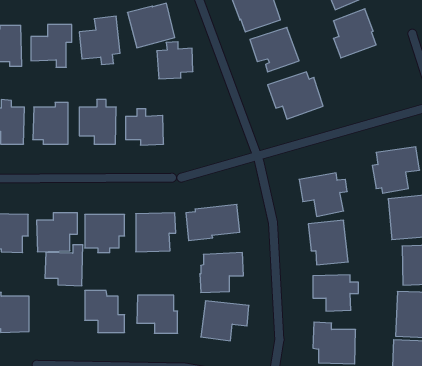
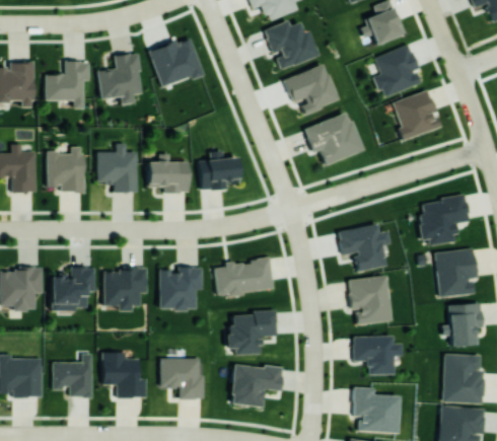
building: [157,42,193,79] -> [200,150,239,191]
building: none -> [393,90,441,140]
building: [45,245,83,286] -> [53,354,94,398]

